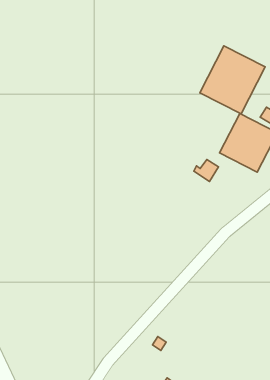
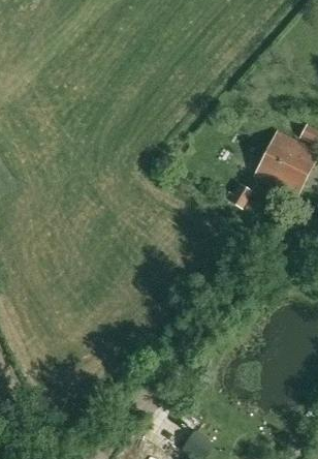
building: [200,46,265,114] -> none

